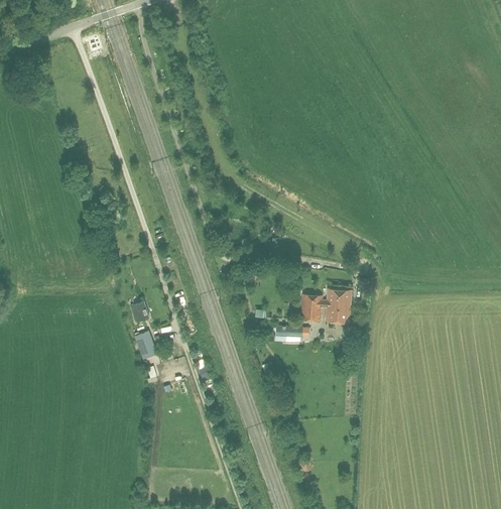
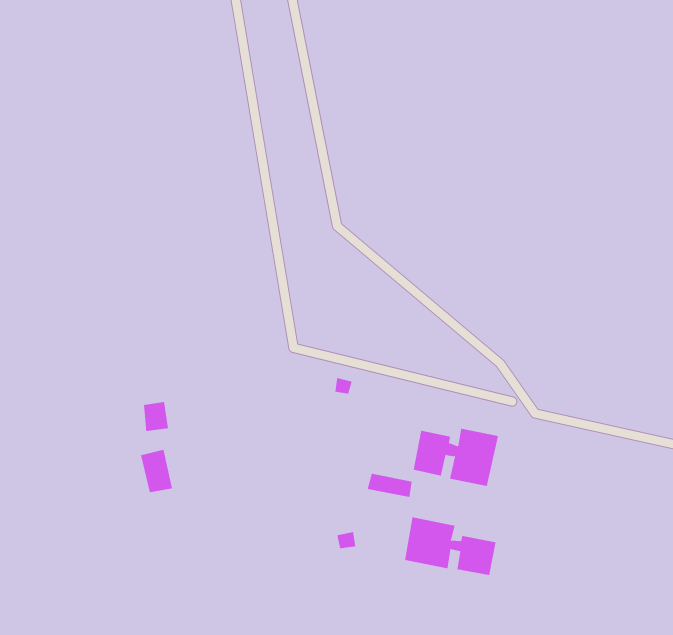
building: none -> [405,516,496,576]

